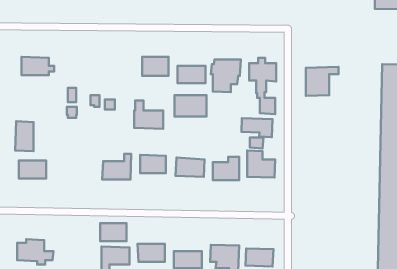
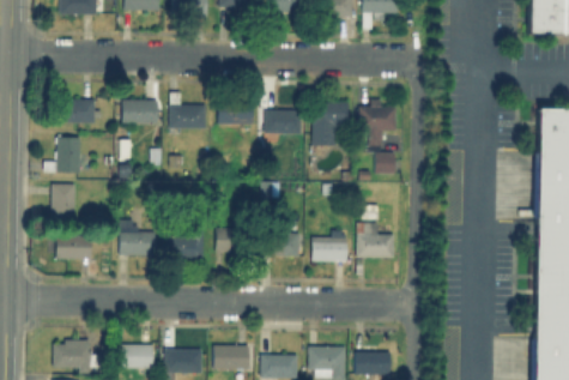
building: none -> [122,99,158,123]
building: [306,67,338,96] -> none
building: none -> [44,137,80,173]
building: [174,95,206,117] -> none
building: [134,101,163,129] -> [169,91,207,128]
building: [241,118,272,137] -> none
building: none -> [120,219,156,255]
building: [100,223,126,241] -> [119,344,153,368]

